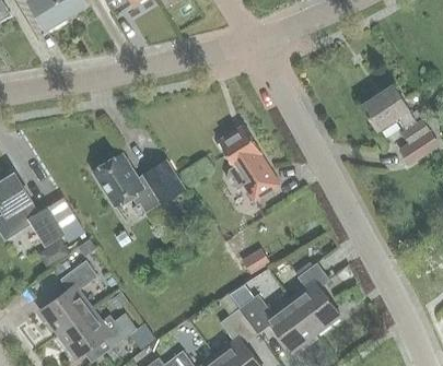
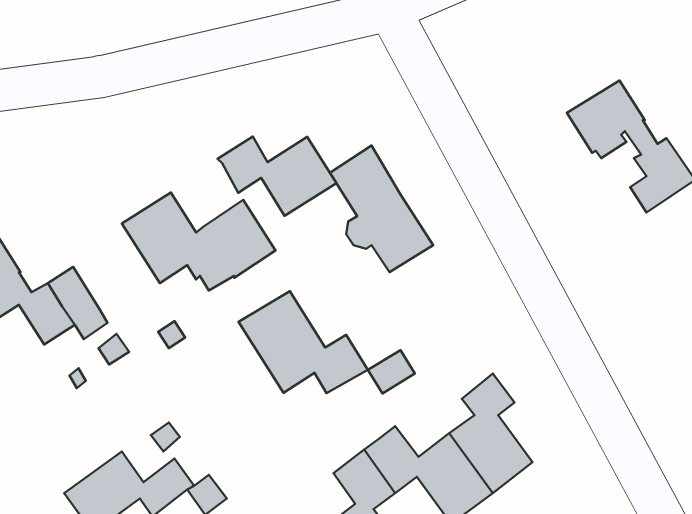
building: none -> [217,136,336,216]
building: none -> [238,291,368,393]
building: [39,261,96,334] -> none

